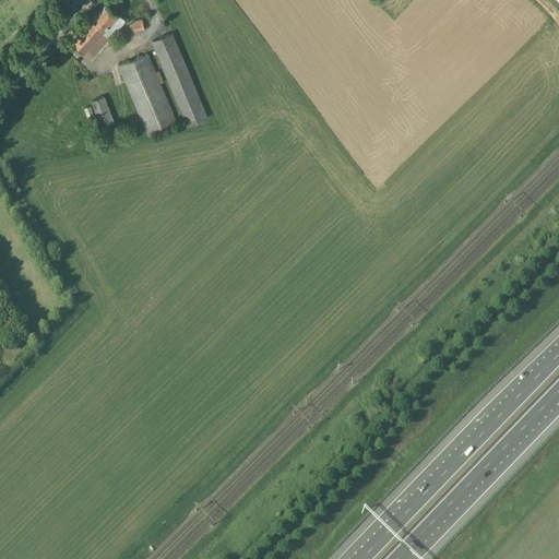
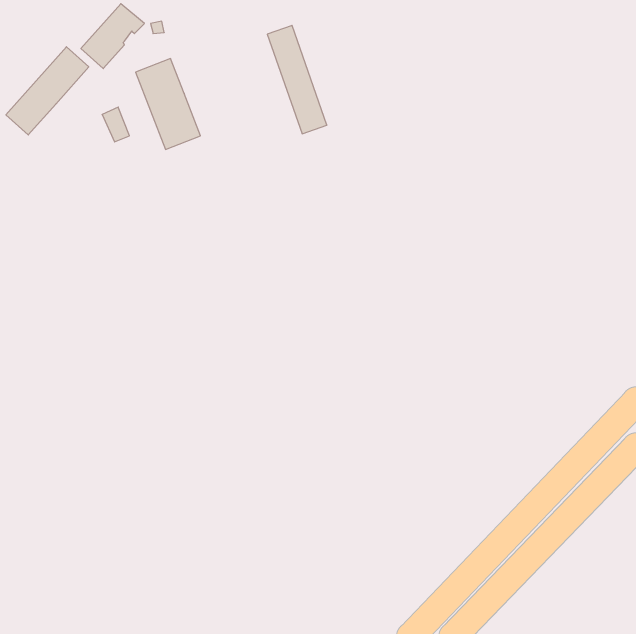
building: [154,33,206,128] -> [267,25,327,134]
building: none -> [6,47,89,135]

